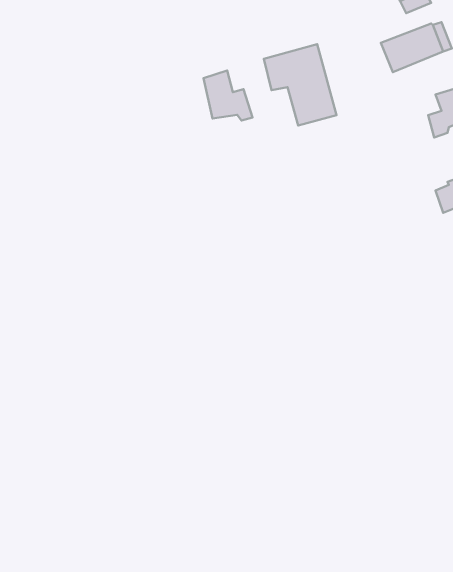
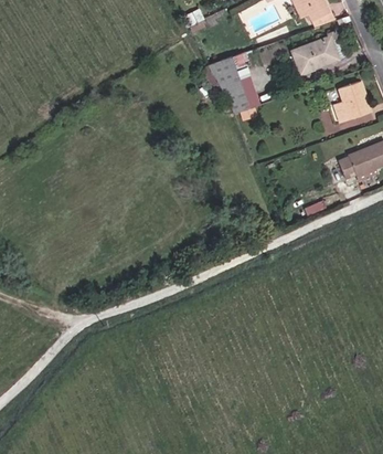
building: [203,71,252,121] -> none

